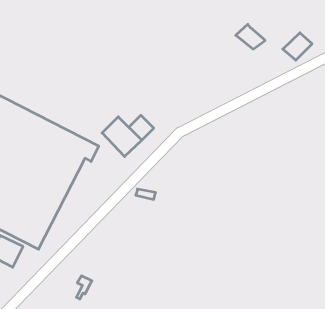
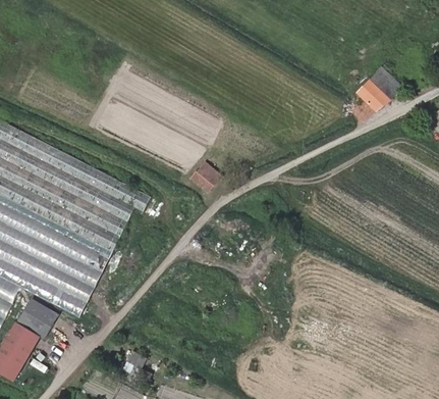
building: [236,24,265,49] -> [349,78,384,107]
building: [102,117,142,157] -> none

